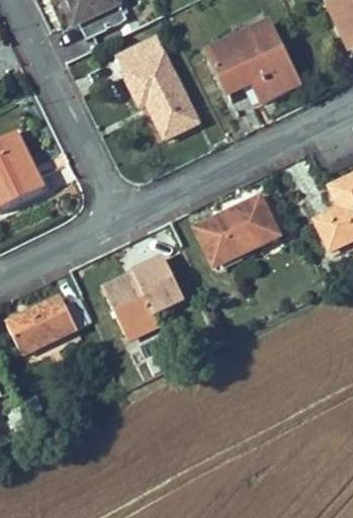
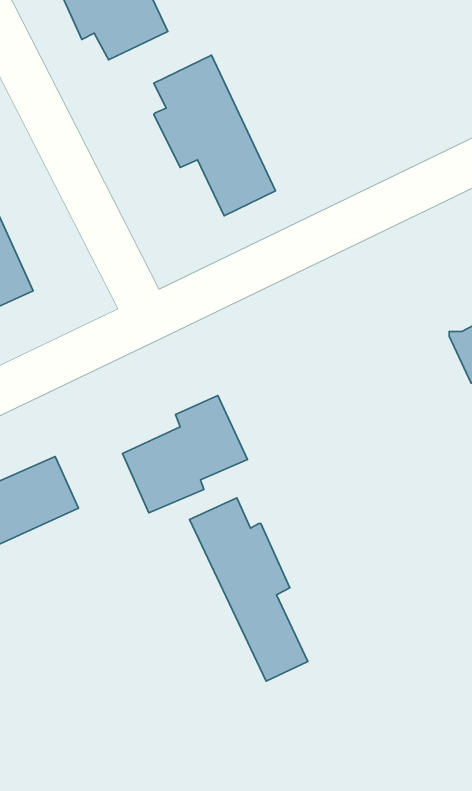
building: [209,23,297,102] -> none
building: [196,197,280,269] -> none
building: none -> [190,498,308,681]

